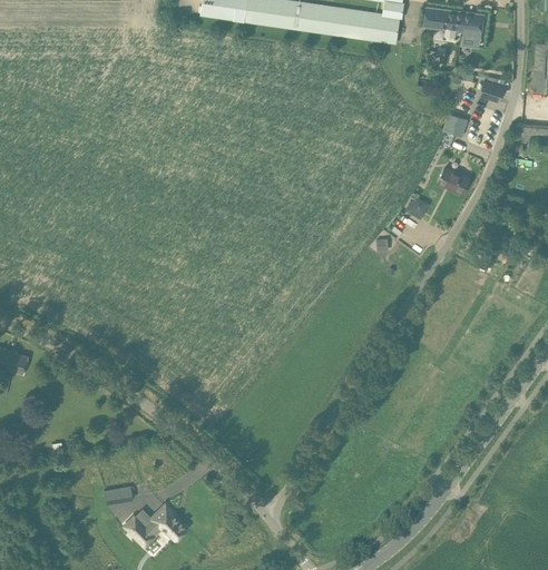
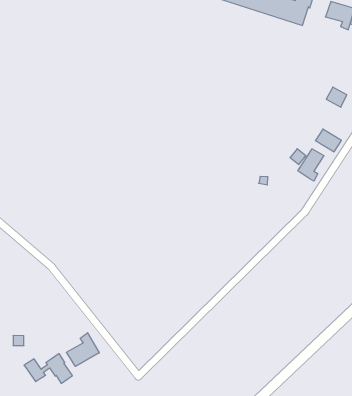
building: none -> [298,149,324,181]
building: none -> [66,333,99,366]

